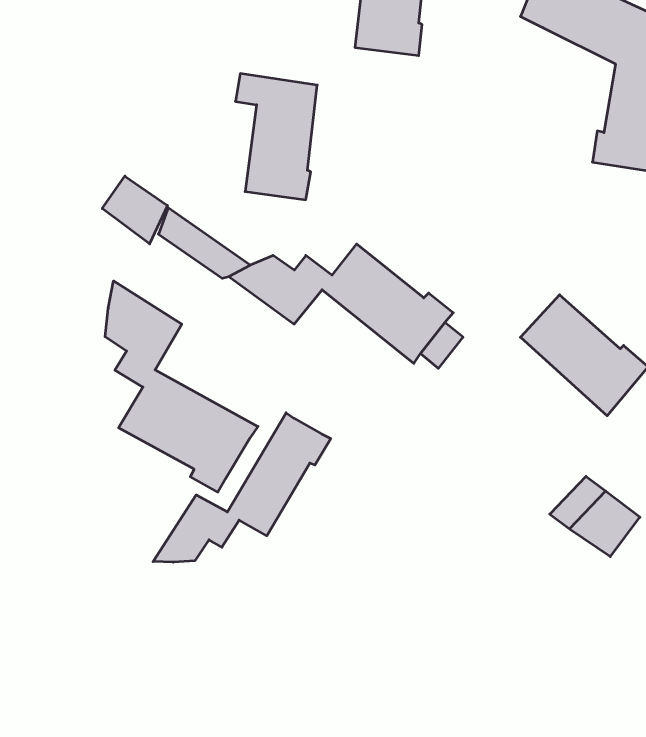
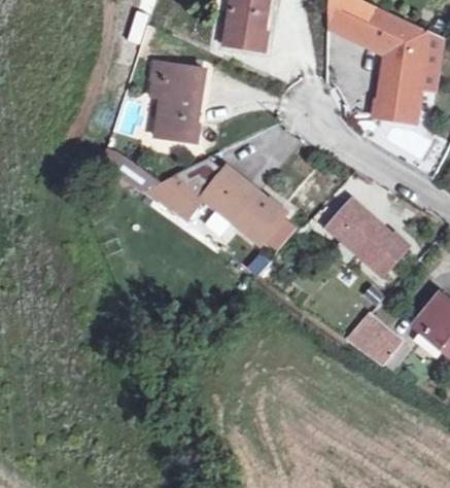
building: [102,176,167,244] -> none
building: [105,281,258,492] -> none
building: [153,413,331,562] -> none

